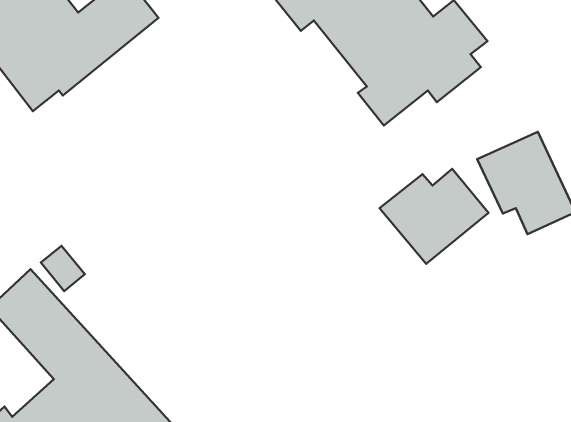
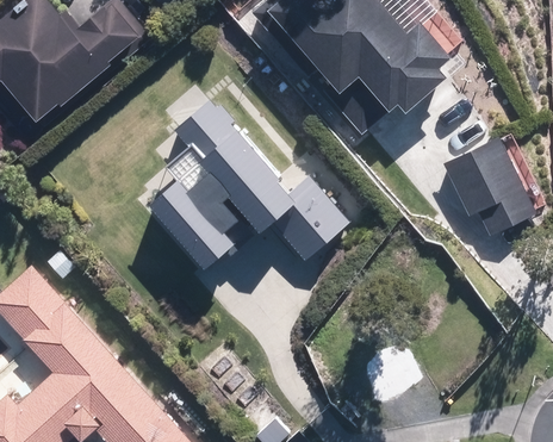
building: none -> [148,95,349,267]
building: [380,169,489,264] -> none

